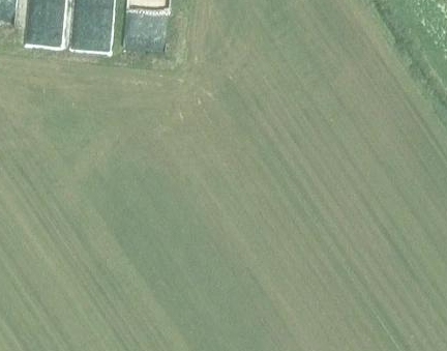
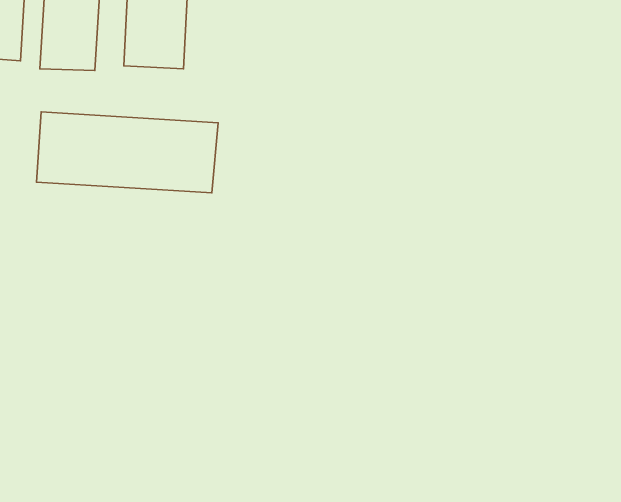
building: none -> [36,112,218,193]

